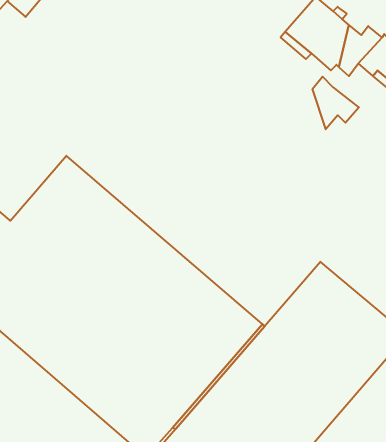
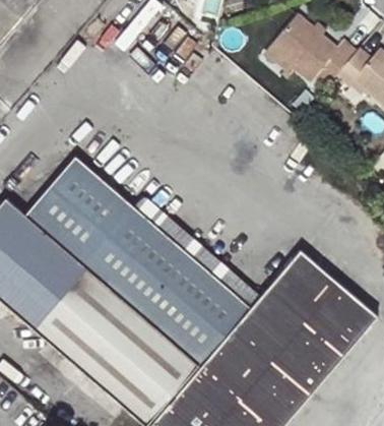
building: [313,77,359,129] -> none

